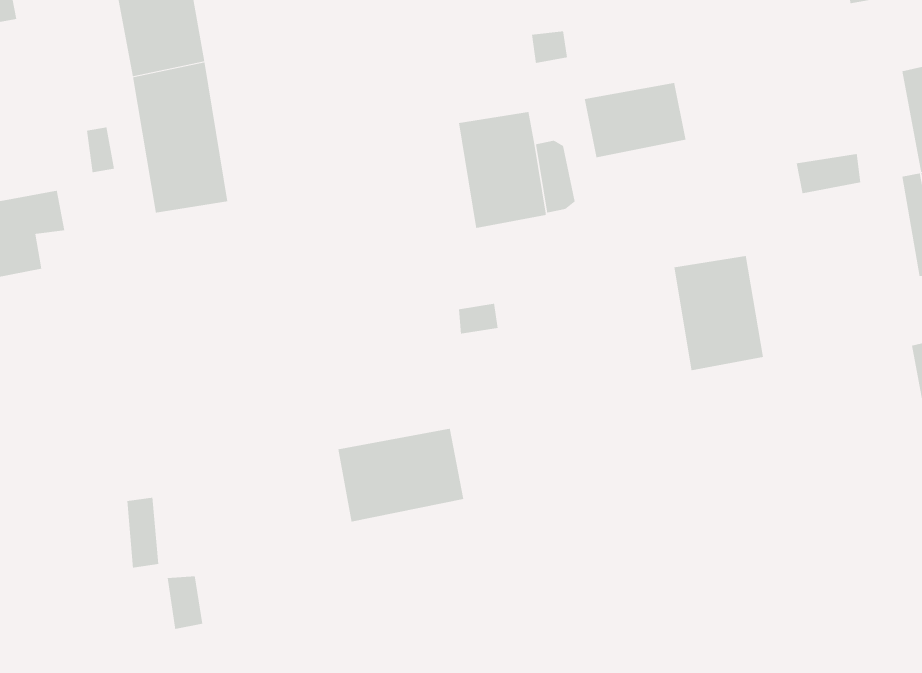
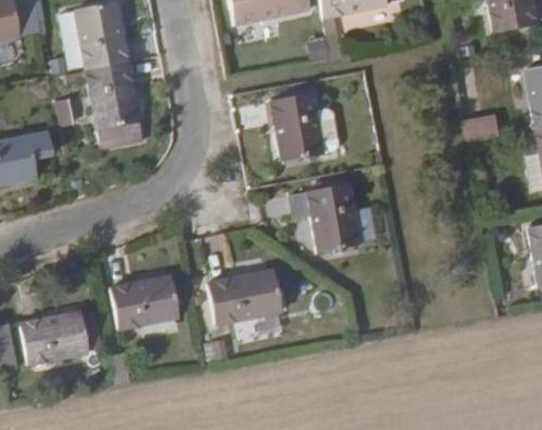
building: [584,82,686,158] -> none
building: [674,256,764,371] -> [308,184,360,250]
building: none -> [109,278,173,328]
building: none -> [16,309,82,360]

